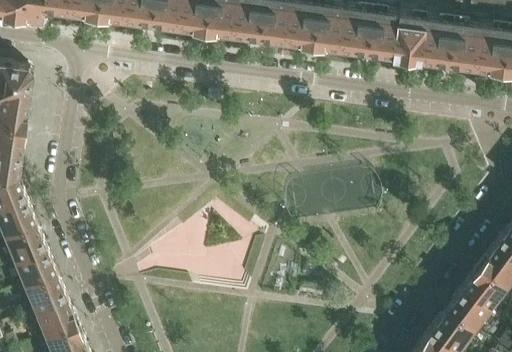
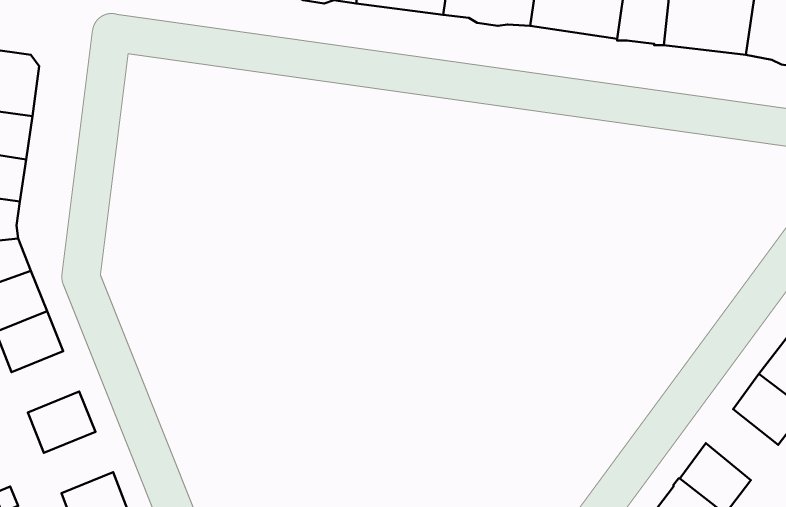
building: [16,254,58,292] -> none
building: [447,290,492,334] -> none
building: [36,304,79,342] -> none

